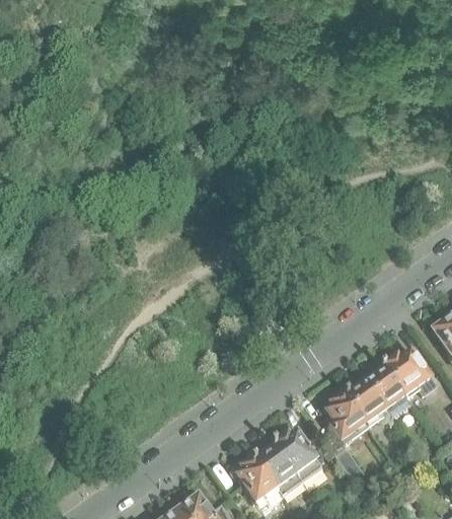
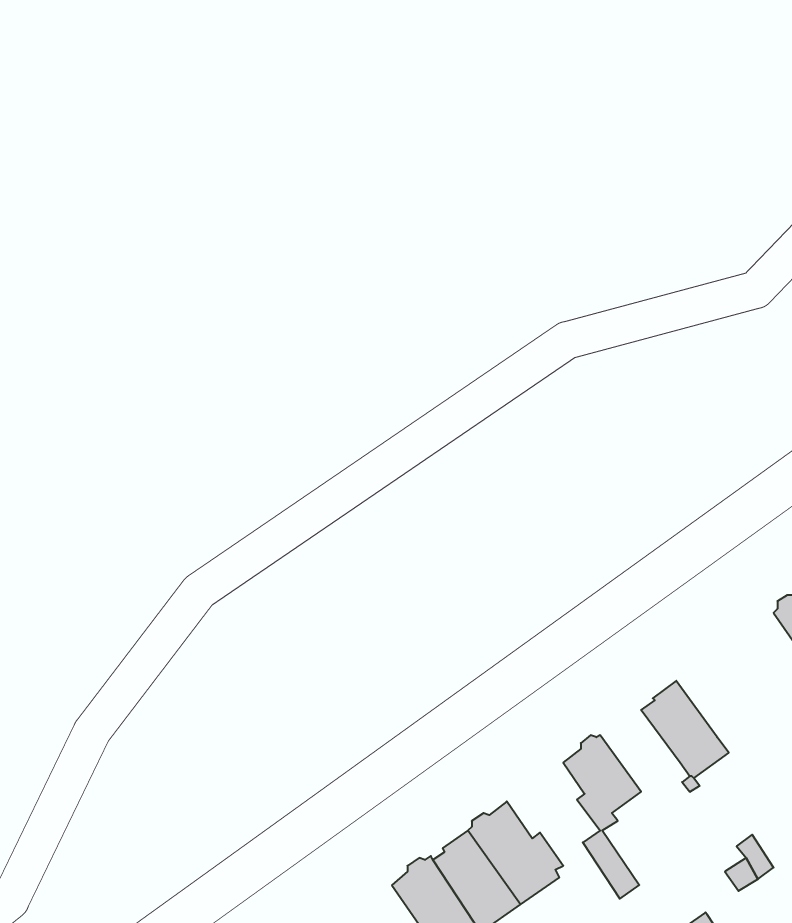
building: [382,348,433,392] -> none
building: [343,378,384,421] -> none

